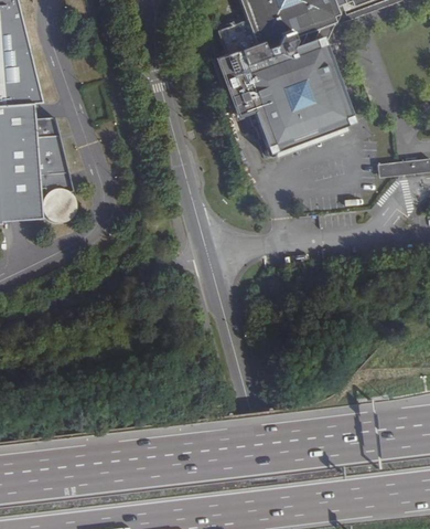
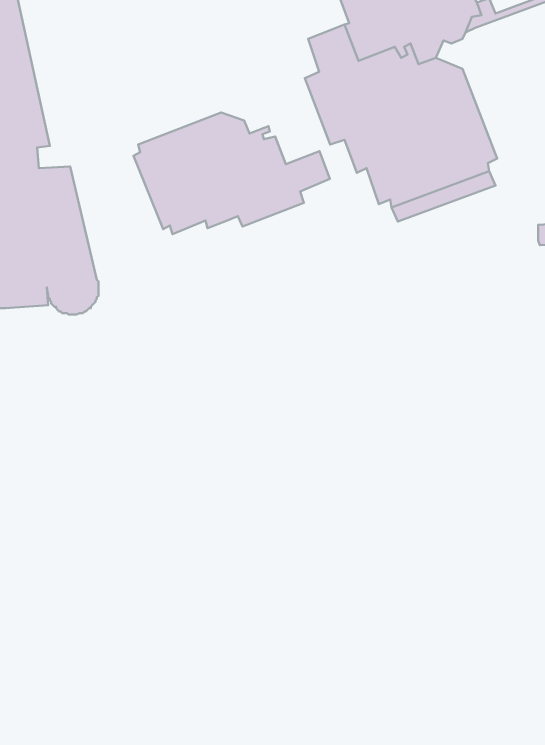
building: none -> [134,112,330,234]

